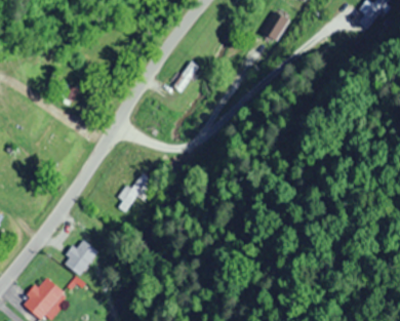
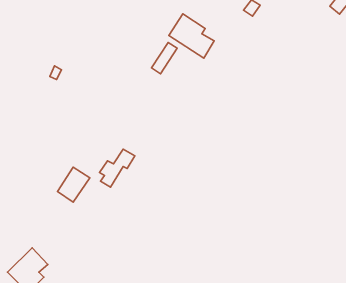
building: none -> [169,14,214,58]
building: [66,238,99,275] -> [57,167,90,202]

